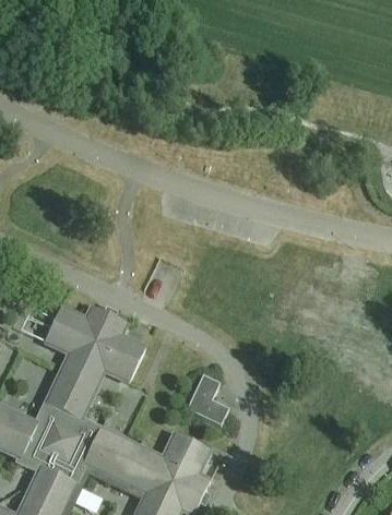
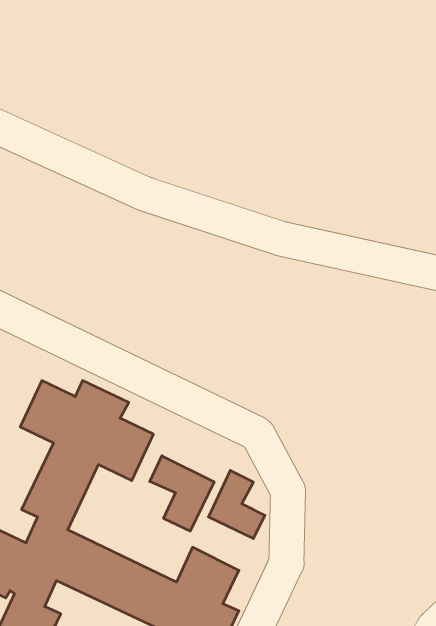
building: none -> [150,456,214,531]

